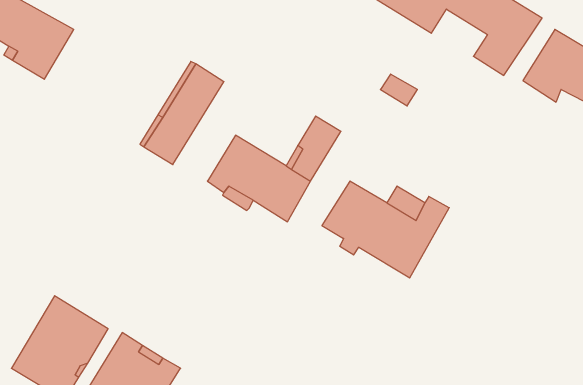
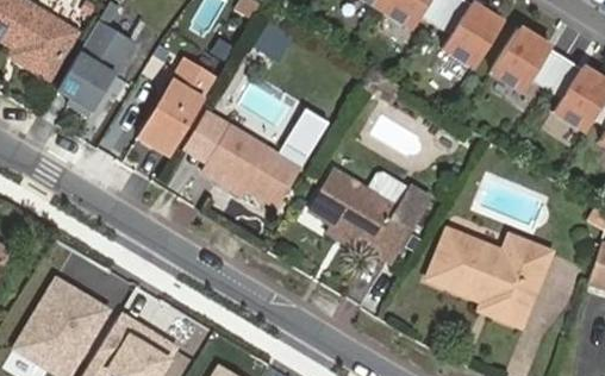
building: none -> [57,19,133,114]
building: none -> [176,113,226,170]
building: none -> [430,230,545,320]

